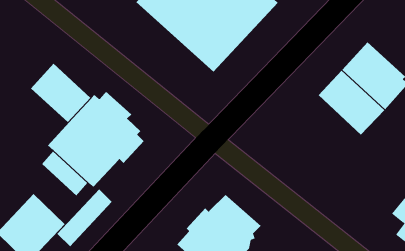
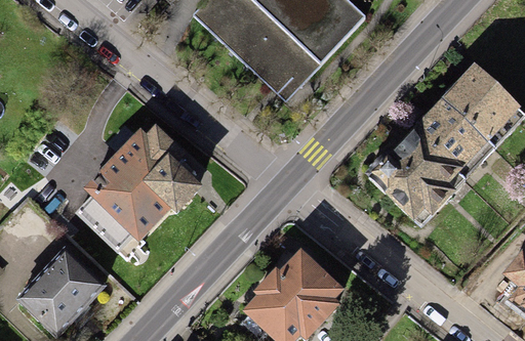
building: [30,63,91,123] -> none
building: none -> [372,129,466,219]
building: [57,188,113,247] -> none

